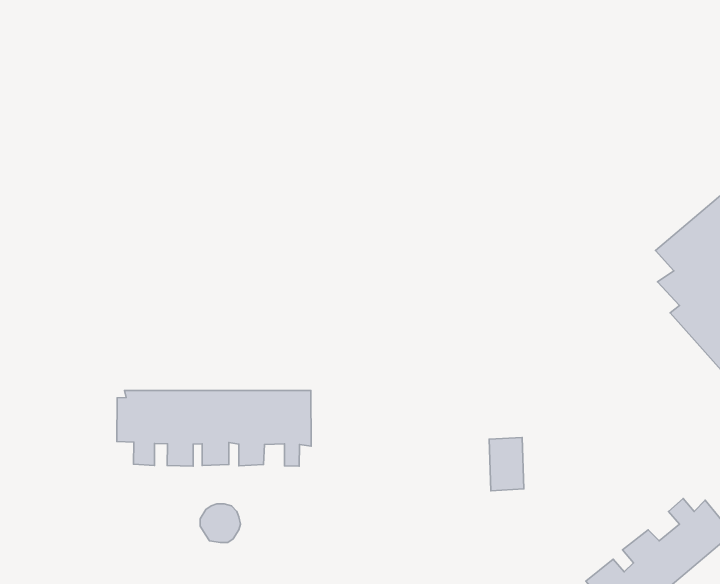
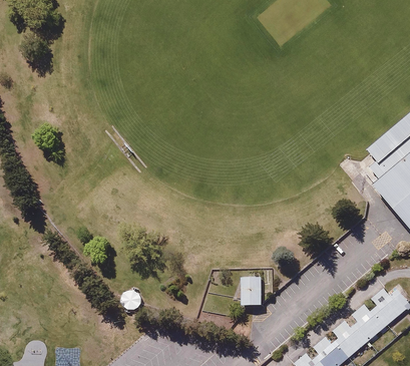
building: [117,391,311,466] -> none
building: [489,437,524,491] -> [244,277,263,306]

